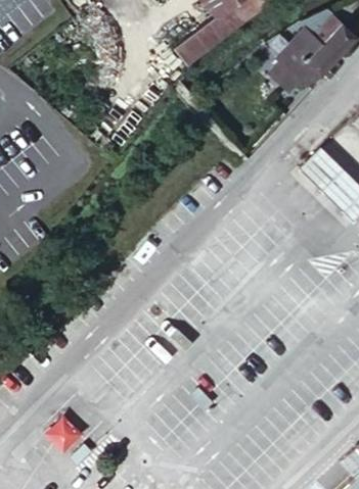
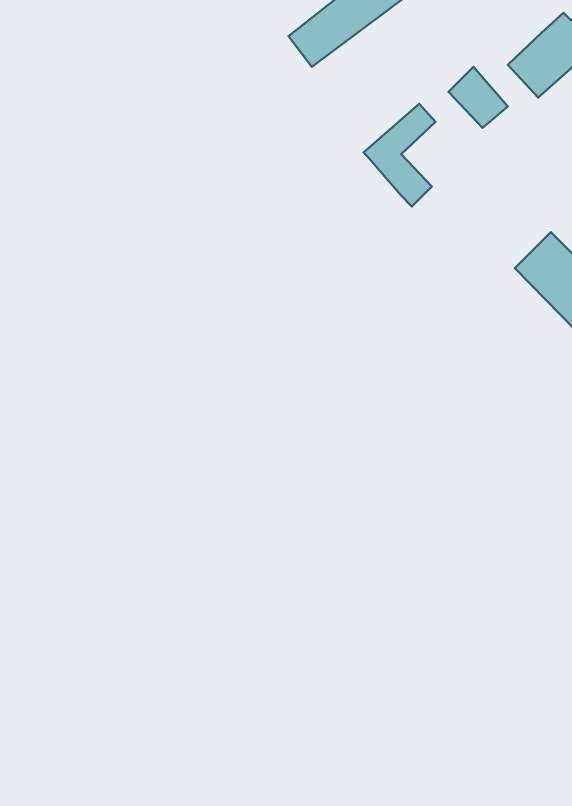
building: [277,32,318,90] -> [363,104,435,206]

